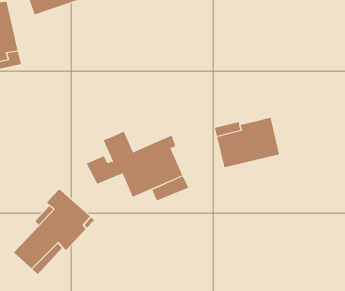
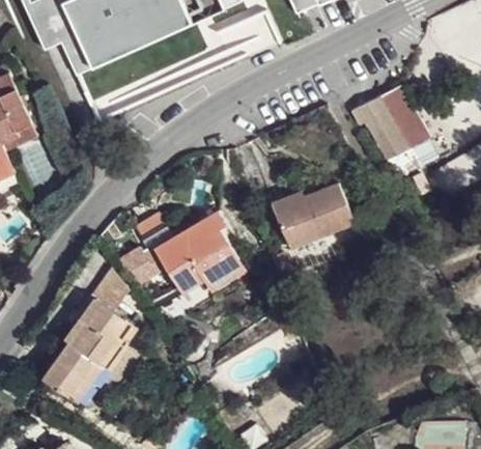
building: none -> [347,83,422,161]
building: none -> [94,266,133,309]

